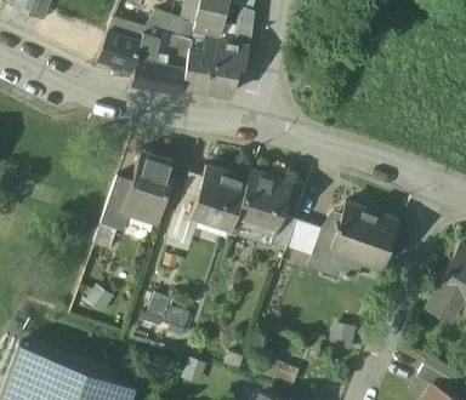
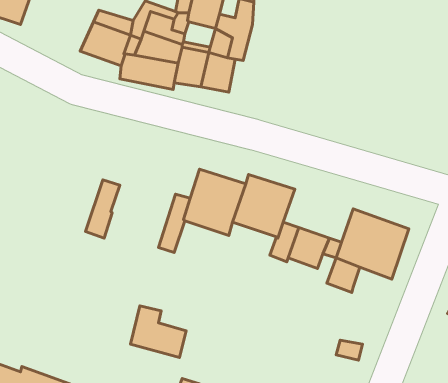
building: [123,155,175,217] -> none

